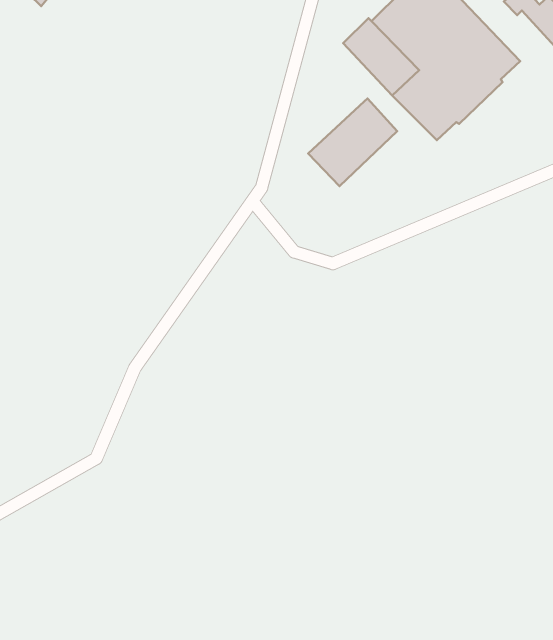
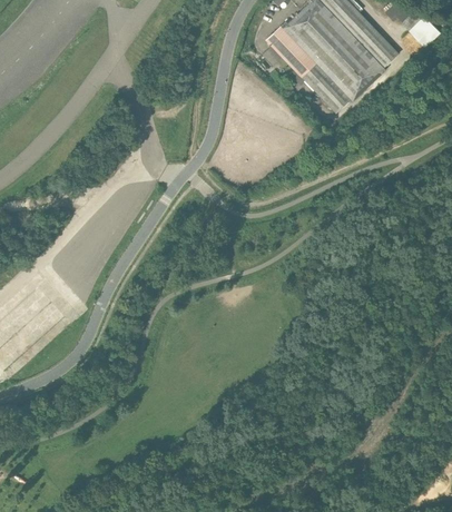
building: [308,98,397,186] -> none

